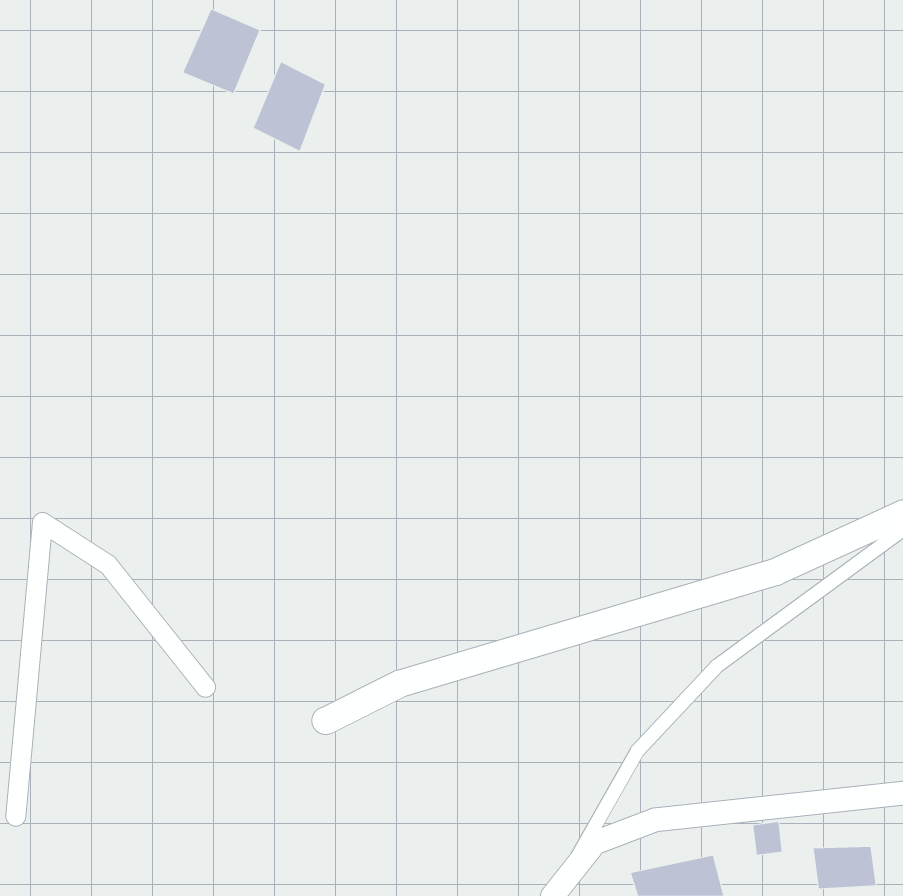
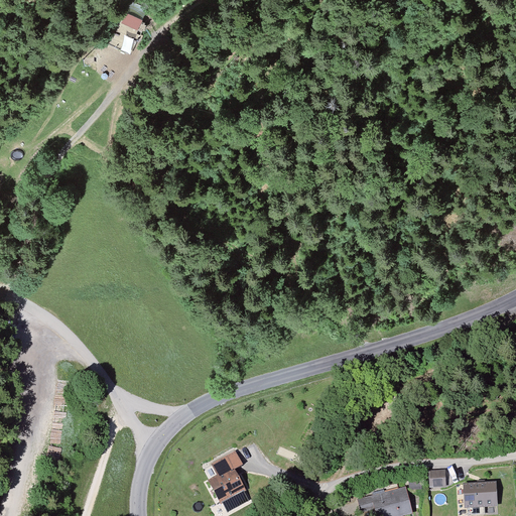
building: [253,62,326,152] -> none
building: none -> [206,449,247,504]

